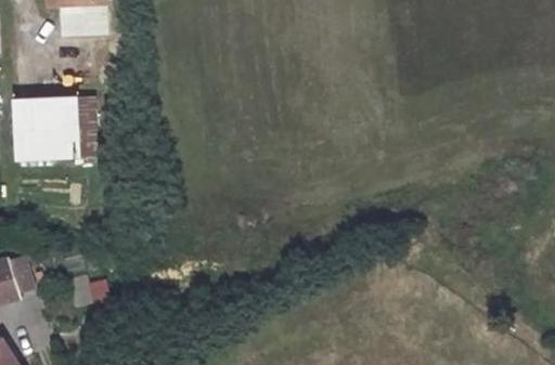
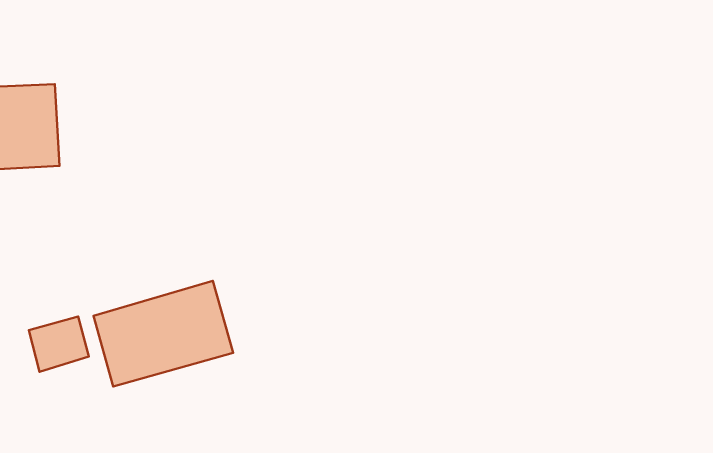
building: none -> [94,281,233,386]

